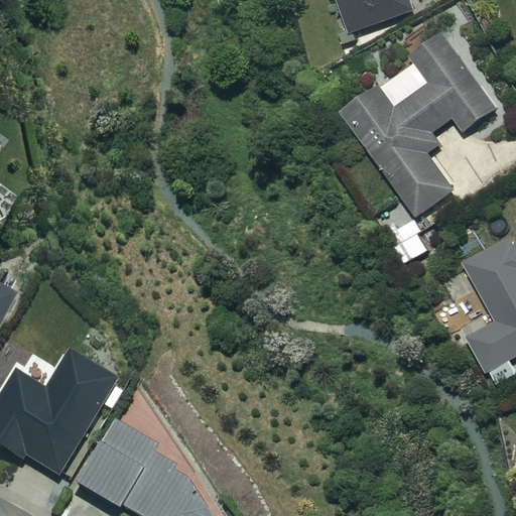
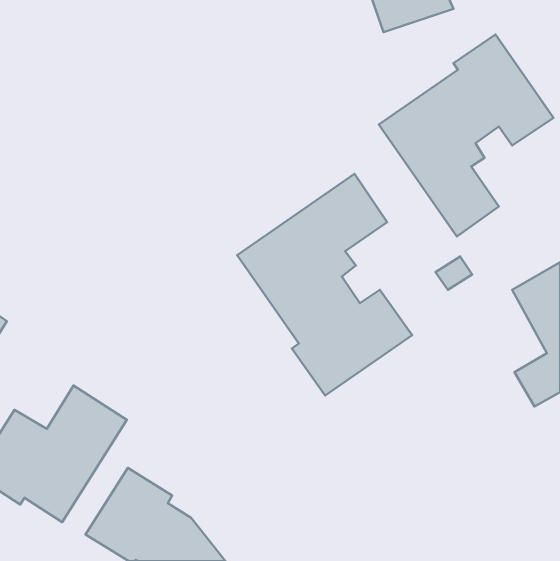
building: none -> [237,174,412,396]

